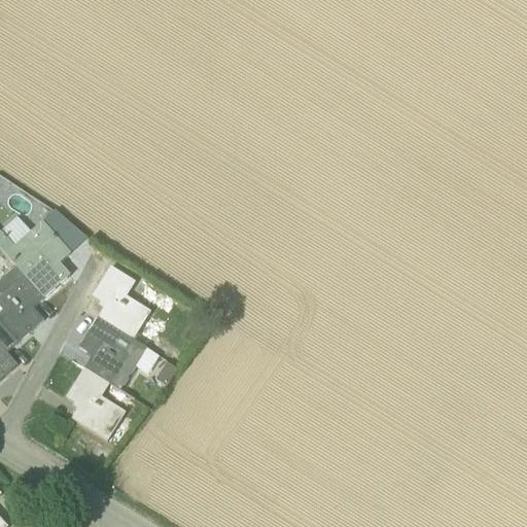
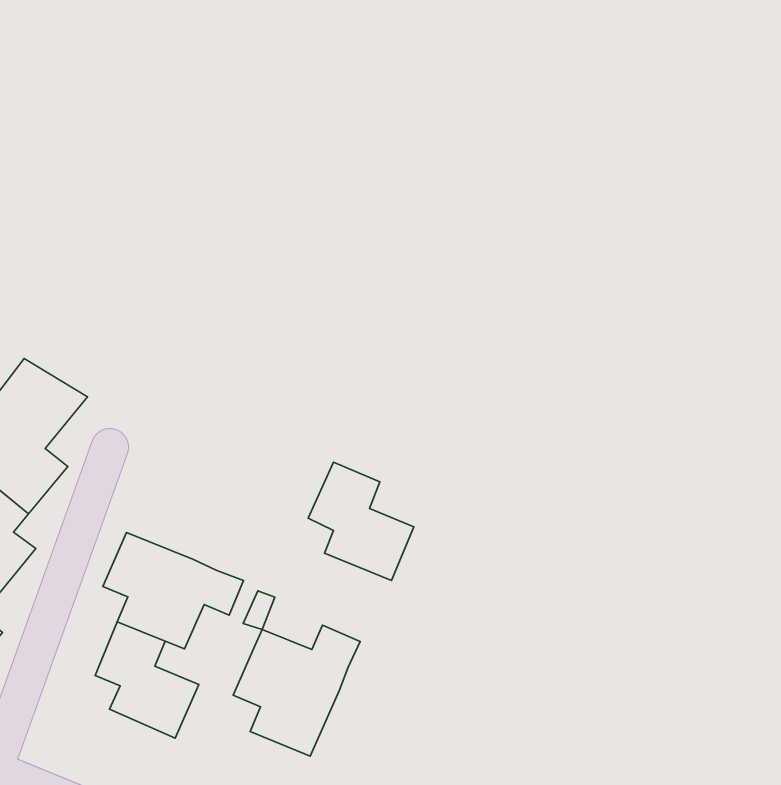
building: [91,266,150,339] -> [308,462,414,580]
building: none -> [233,625,360,756]

